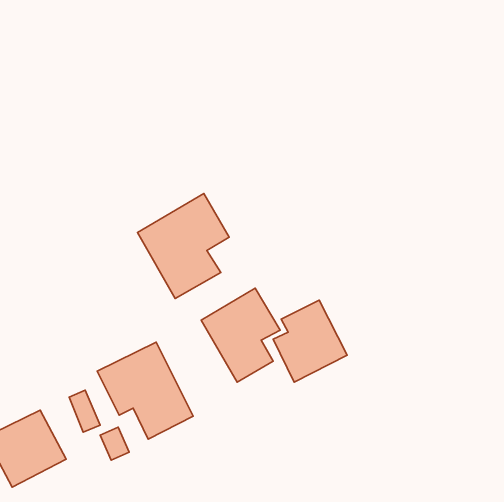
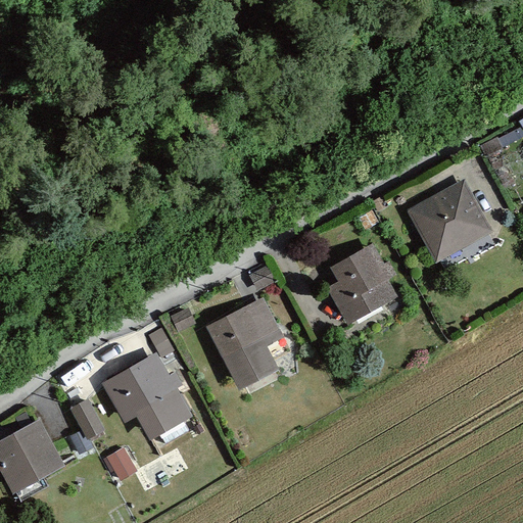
building: none -> [406,178,493,264]
building: [137,194,229,299] -> none
building: [273,300,347,382] -> [323,242,398,326]

